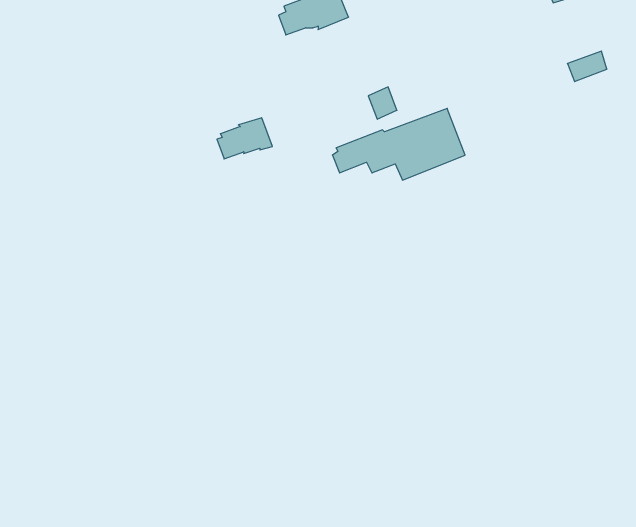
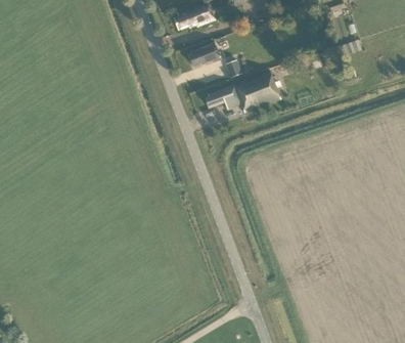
building: [217,118,272,159] -> [186,44,218,68]

